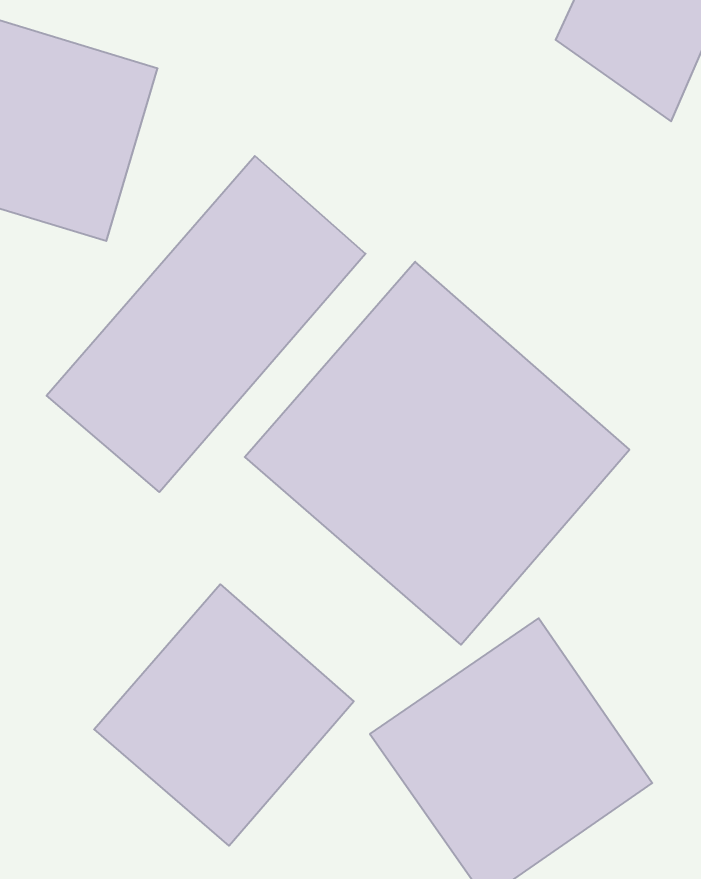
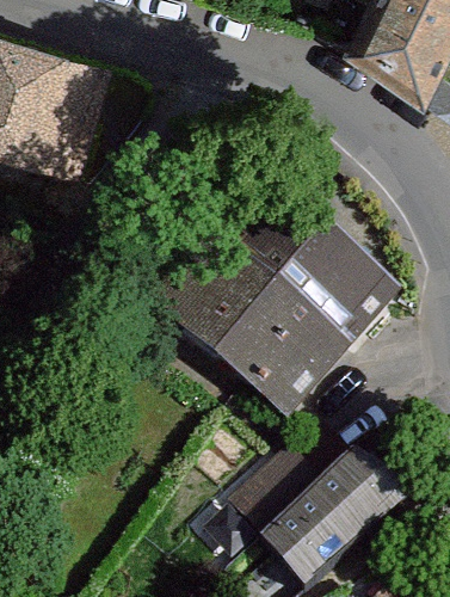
building: [47,156,366,492] -> none
building: [94,584,354,846] -> none

